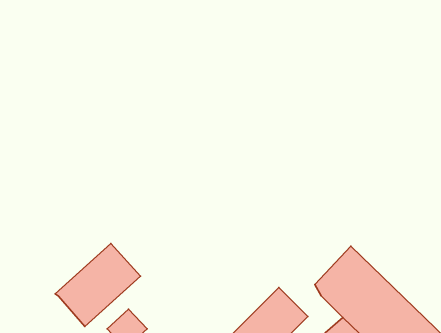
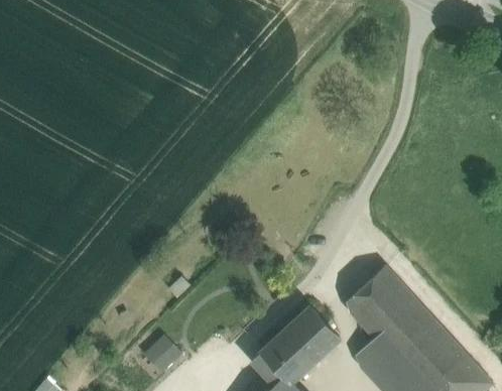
building: [55,243,140,327] -> none

